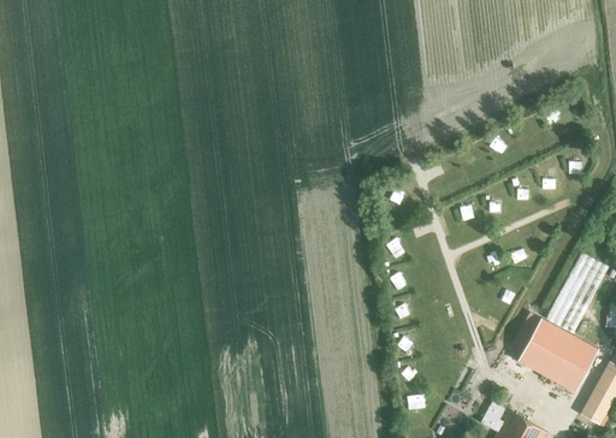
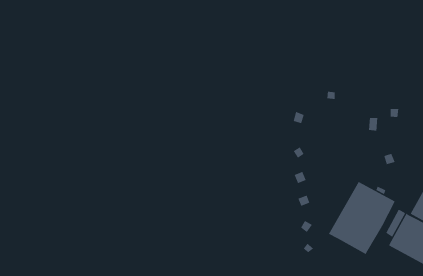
building: none -> [328,181,396,255]

